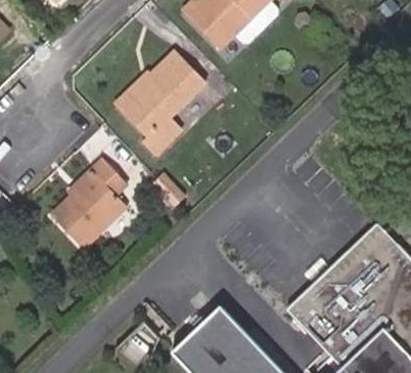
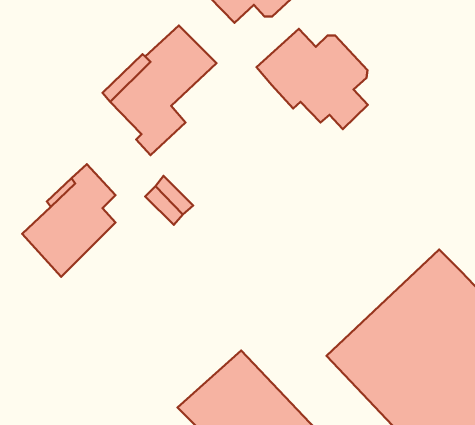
building: none -> [257,29,368,129]

